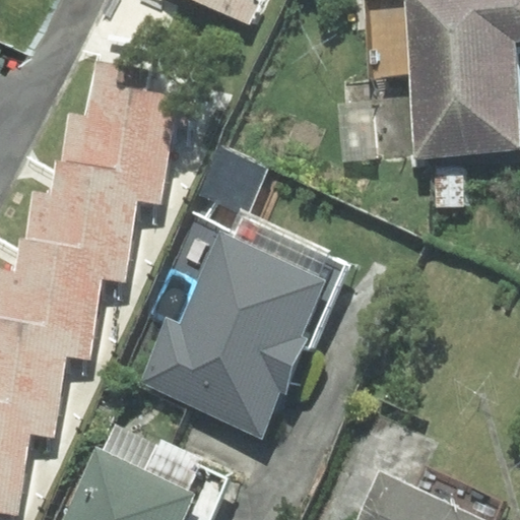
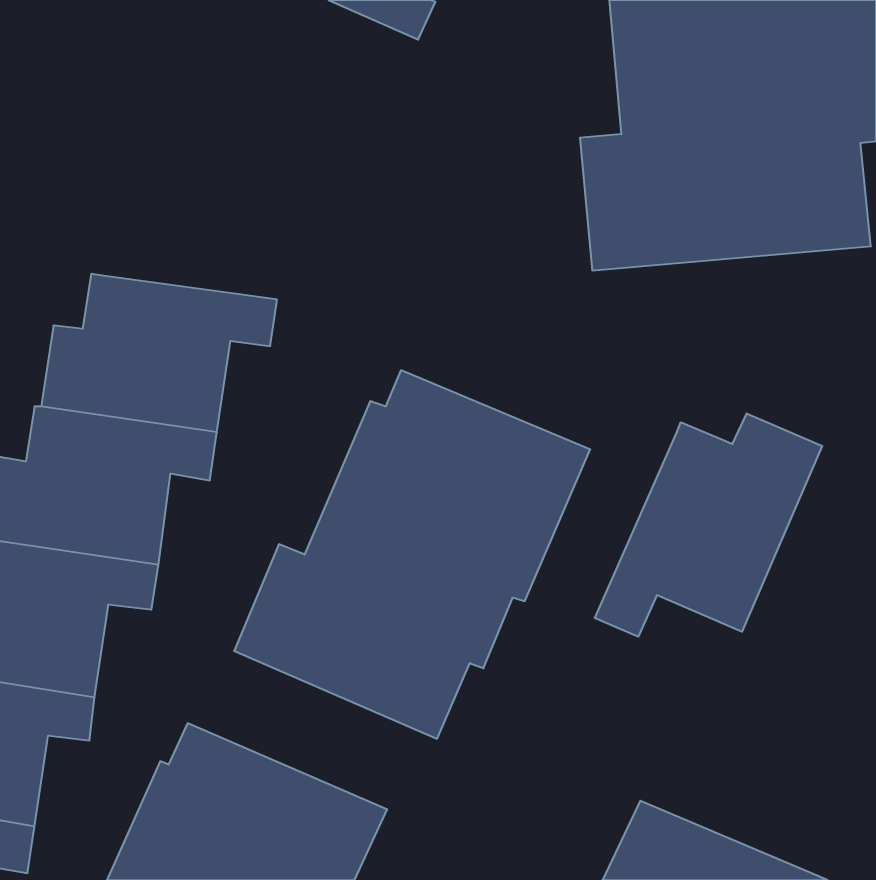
building: [60,60,176,177] -> none
building: none -> [595,413,822,637]

